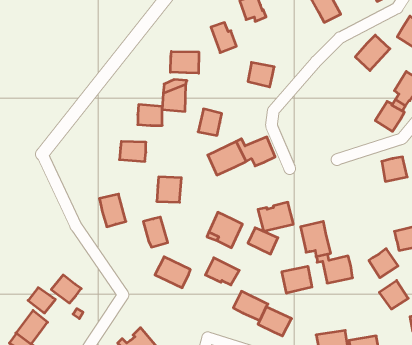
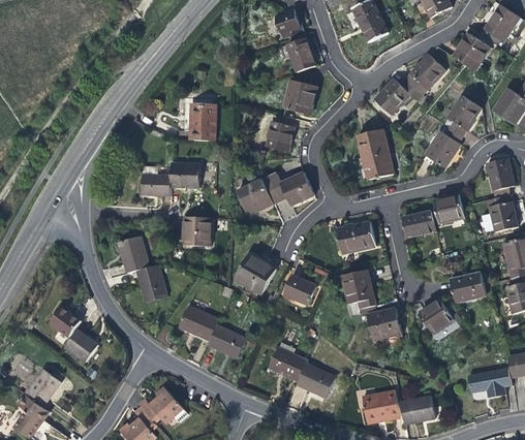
building: [211,23,236,53] -> [286,38,315,72]
building: [170,51,199,73] -> none
building: none -> [375,80,423,115]
building: none -> [359,127,395,179]
building: [138,105,162,125] -> [168,165,196,189]
building: [198,109,222,135] -> [267,121,294,151]
building: none -> [404,210,437,235]
building: [258,202,293,231] -> [338,223,378,256]
building: [143,217,168,247] -> [134,264,162,298]
building: [205,258,239,285] -> [208,326,246,357]
building: [282,266,312,293] -> none
building: [379,280,408,309] -> none
building: [28,288,55,313] -> [47,306,78,335]

